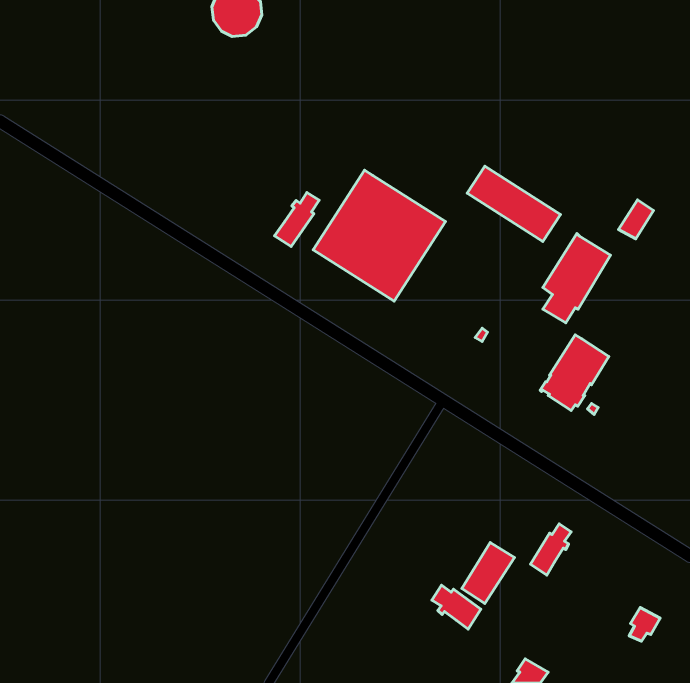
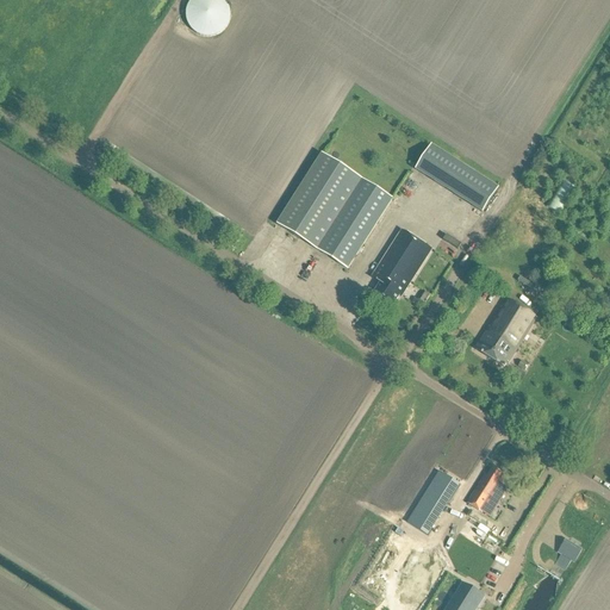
building: [275,192,319,246] -> none
building: [543,234,610,323] -> [372,228,431,306]
building: [432,585,481,629] -> none

